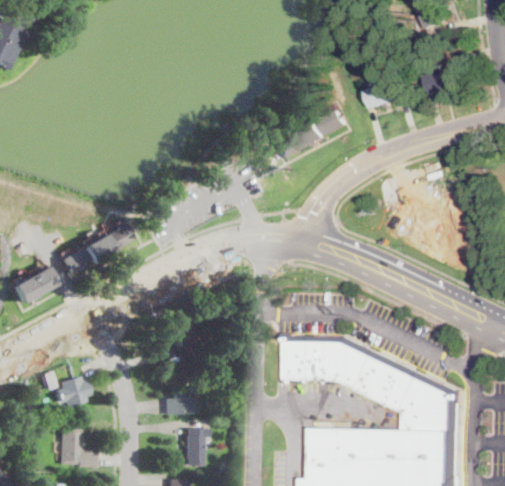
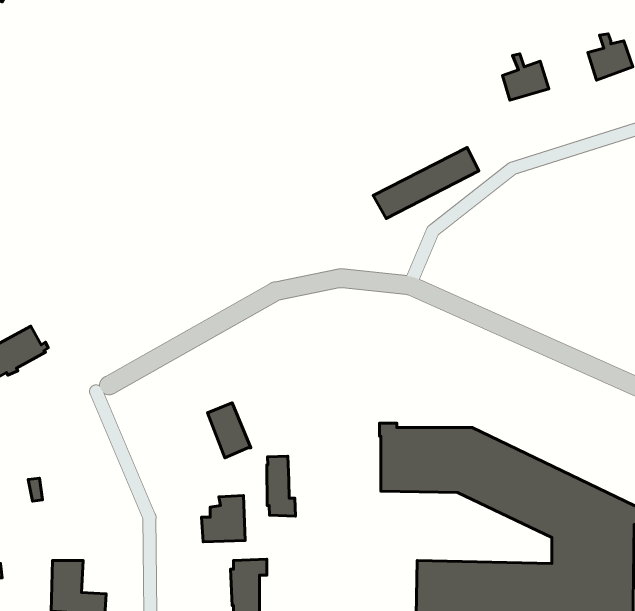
building: [271,111,344,160] -> [373,148,479,219]
building: [57,225,130,277] -> none
building: none -> [267,456,296,516]
building: [51,377,87,408] -> none

